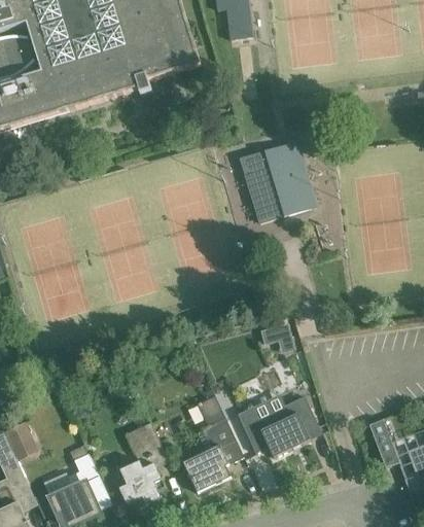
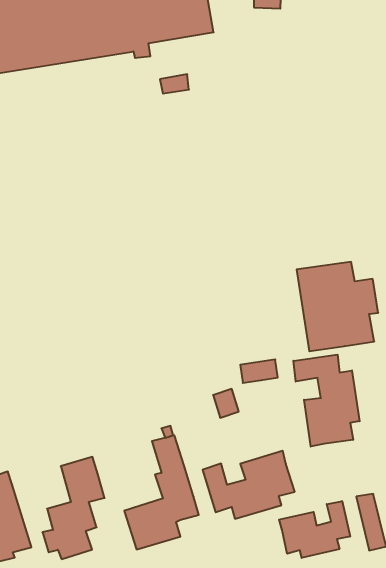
building: [239,145,310,222] -> [297,262,378,351]
building: none -> [293,355,360,447]
building: none -> [279,501,350,558]

